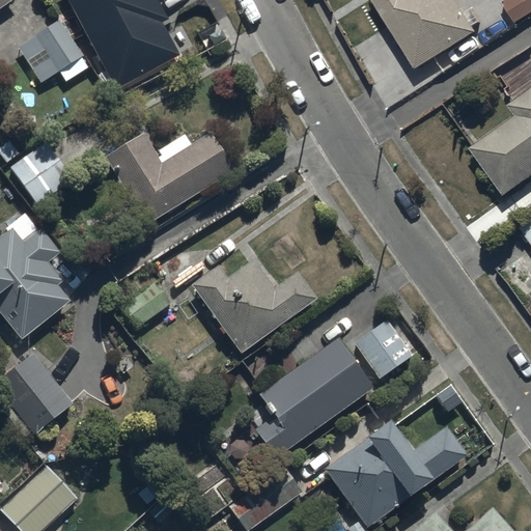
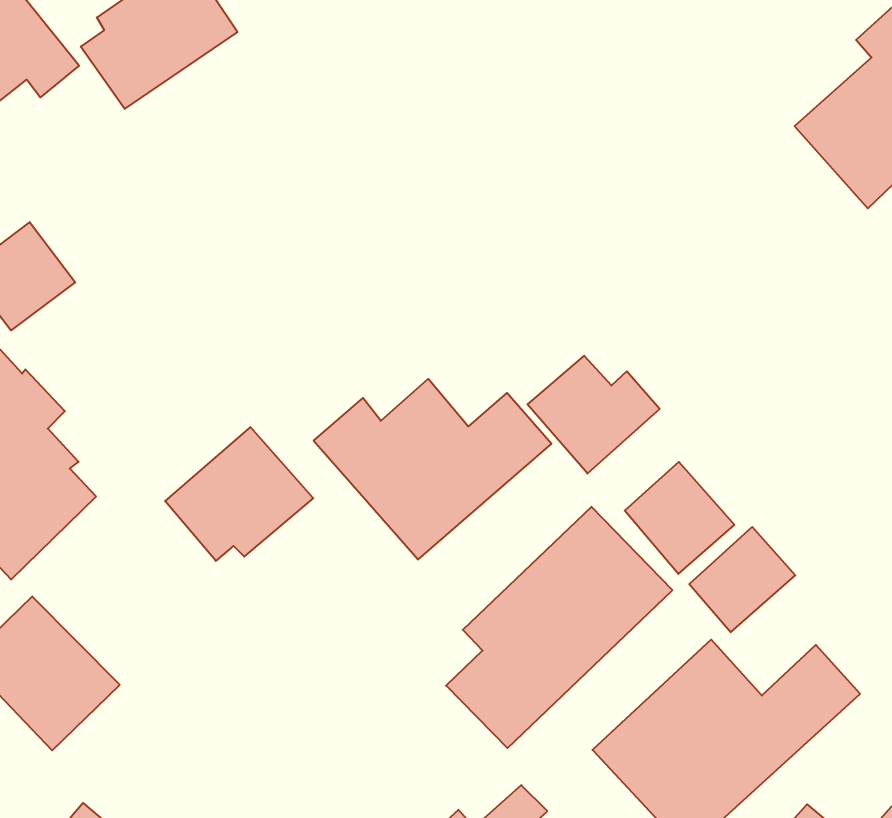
building: [105,131,237,224] -> none
building: none -> [527,356,660,474]
building: none -> [165,427,313,561]
building: none -> [689,527,795,632]

